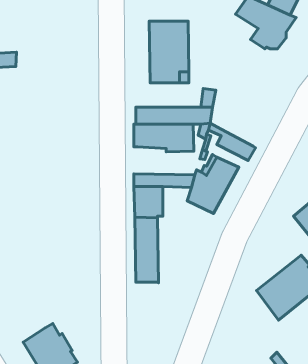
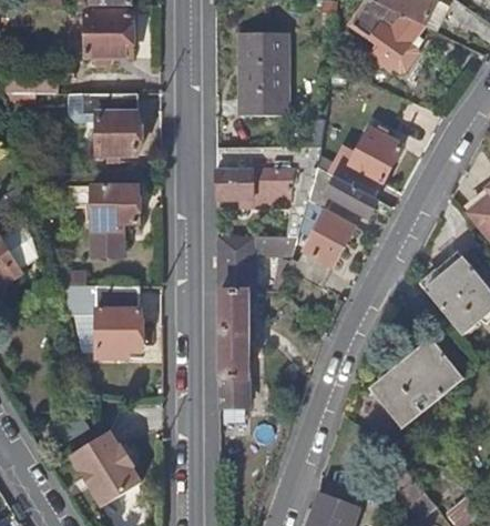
building: none -> [85,12,134,55]
building: none -> [68,91,135,154]
building: none -> [330,128,400,198]
building: none -> [90,185,137,254]
building: none -> [59,286,139,358]
building: none -> [218,376,252,406]

